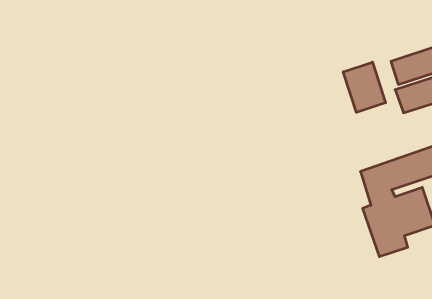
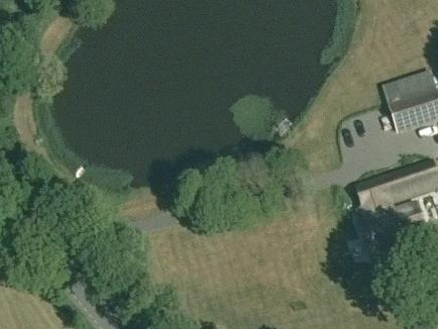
building: [343,62,386,112] -> none

